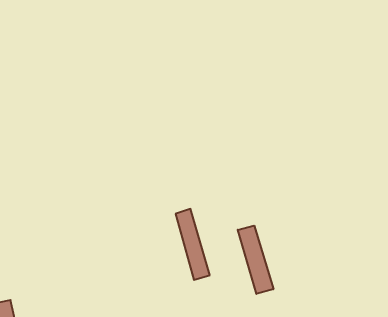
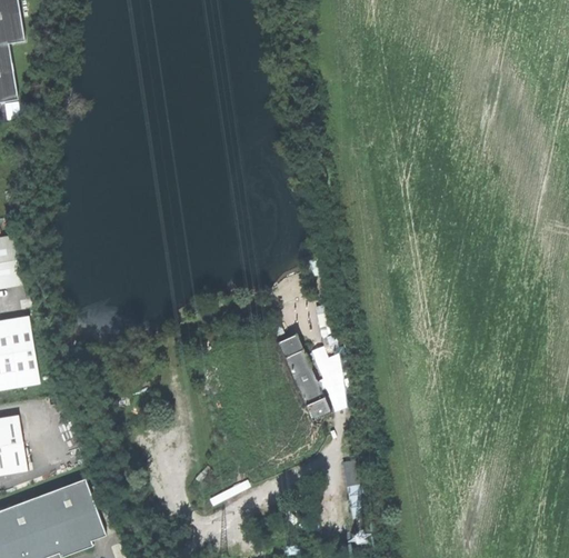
building: [238,226,273,294] -> none

